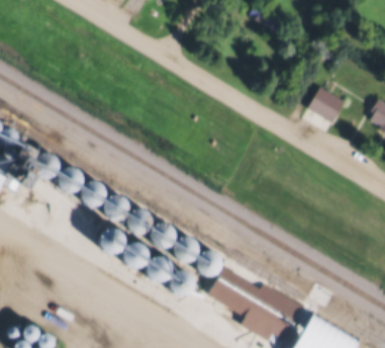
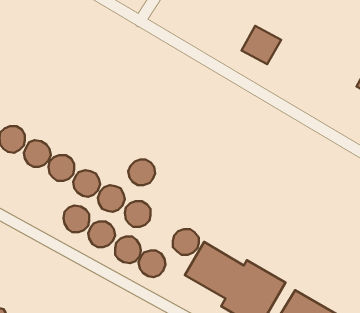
building: [309,86,347,122] -> [241,26,281,64]
building: [173,239,198,263] -> [128,159,155,185]

